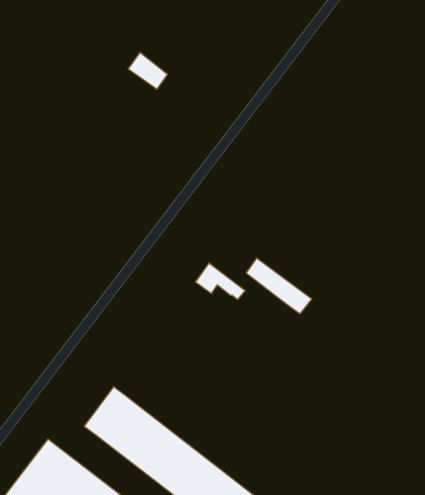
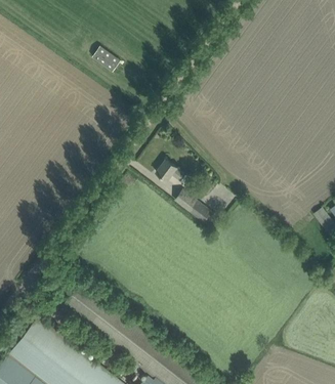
building: [196,263,245,299] -> [156,159,191,184]

